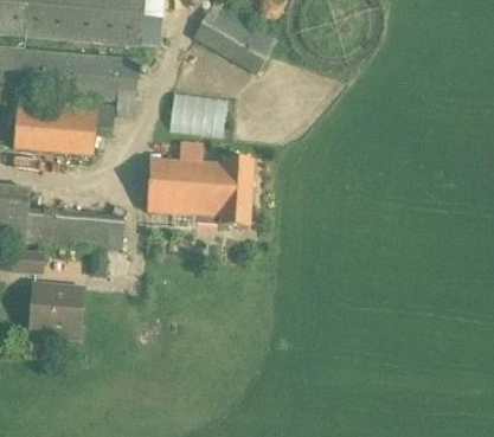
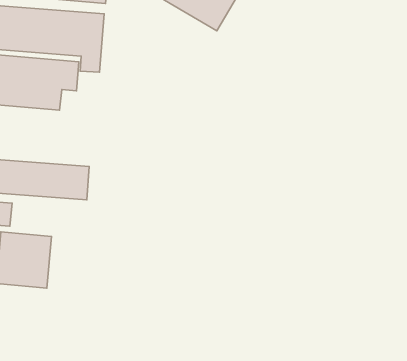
building: [179,101,226,130] -> none
building: [146,141,254,227] -> none

